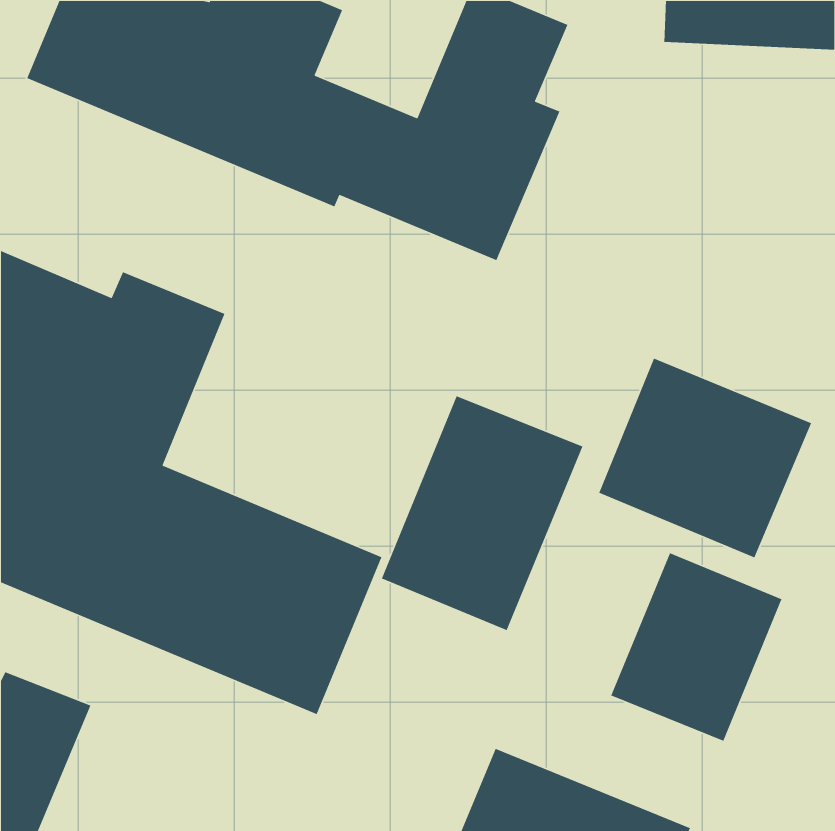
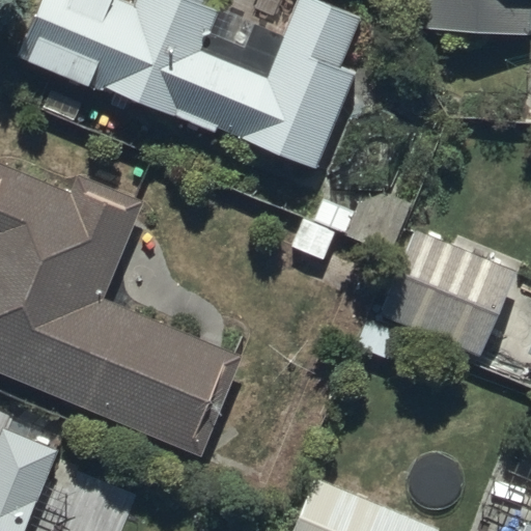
building: [381,395,583,631] -> none
building: [610,552,782,742] -> none

